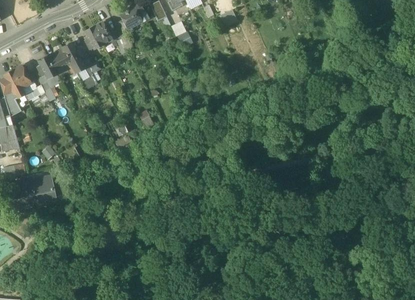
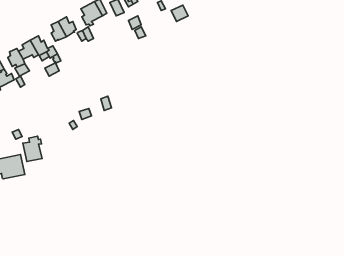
building: none -> [23,136,42,162]

